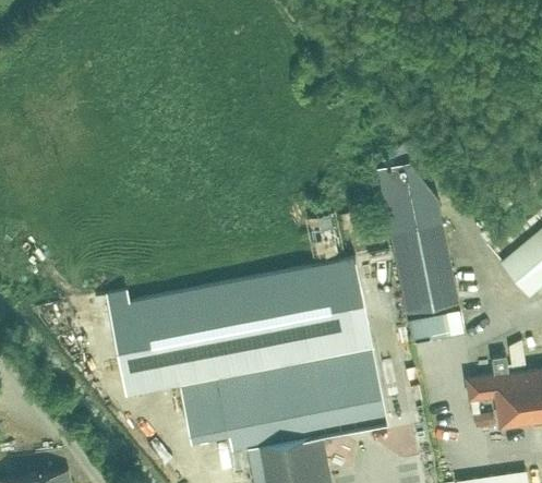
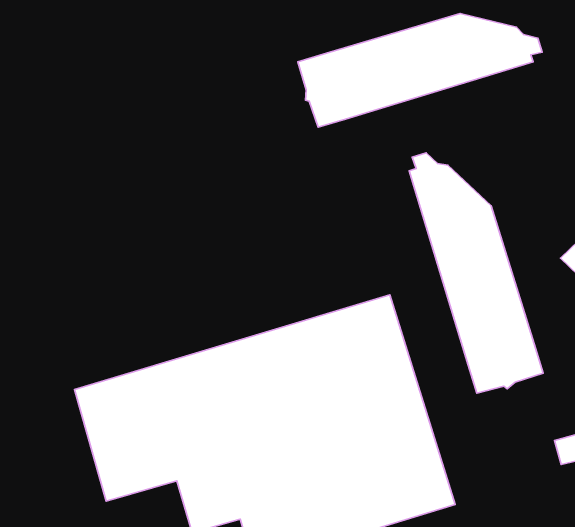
building: none -> [298,13,542,127]

